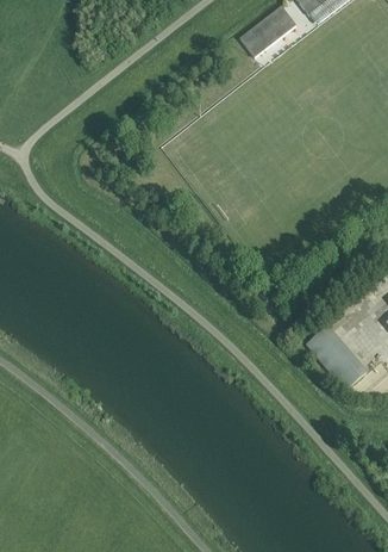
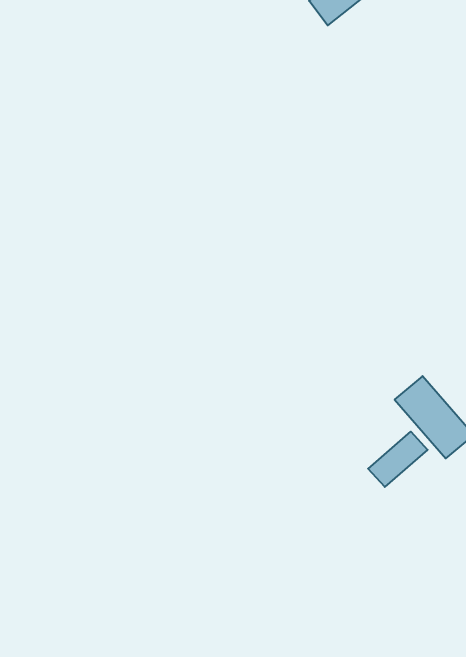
building: none -> [368,432,428,487]

